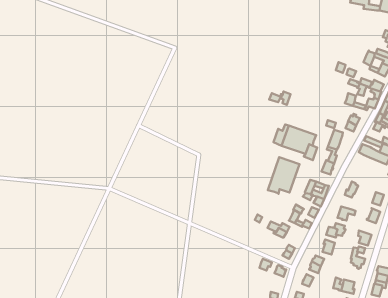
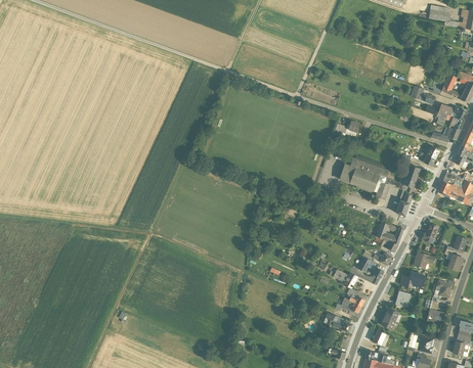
building: [268,157,300,194] -> none

